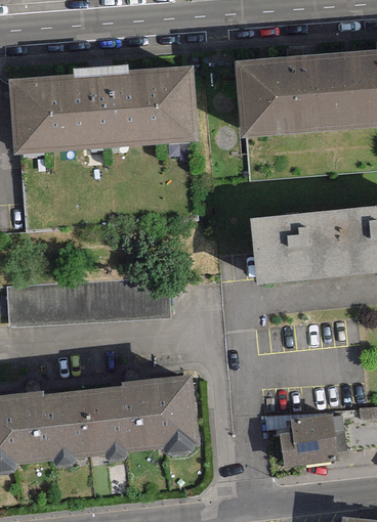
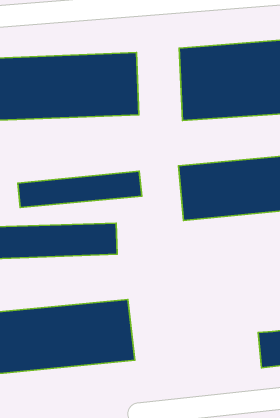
building: none -> [18,171,142,207]
building: [281,417,338,467] -> none

